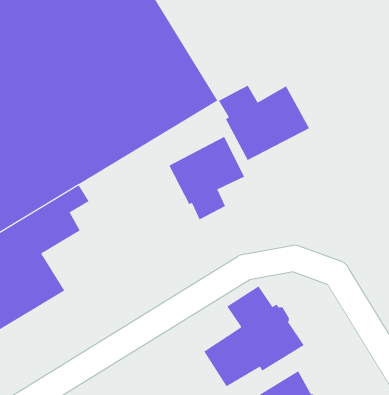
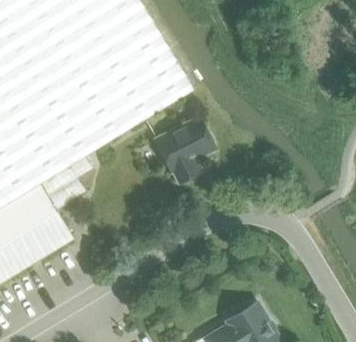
building: [218,85,310,161] -> none
building: [204,285,305,387] -> none

